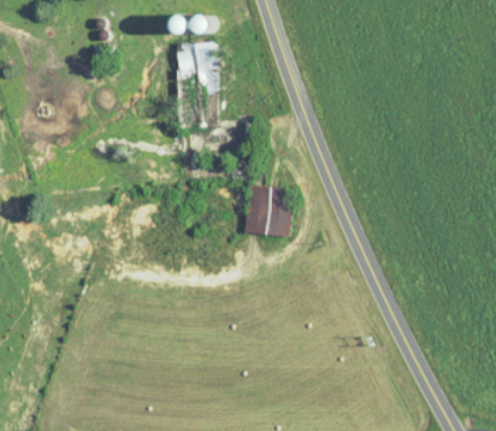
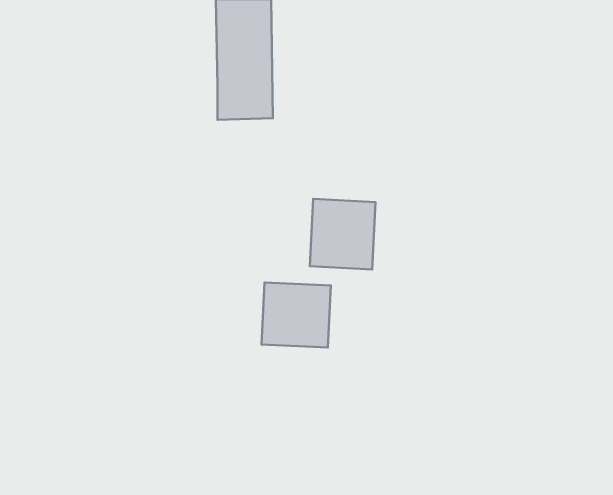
building: none -> [261,282,331,347]

